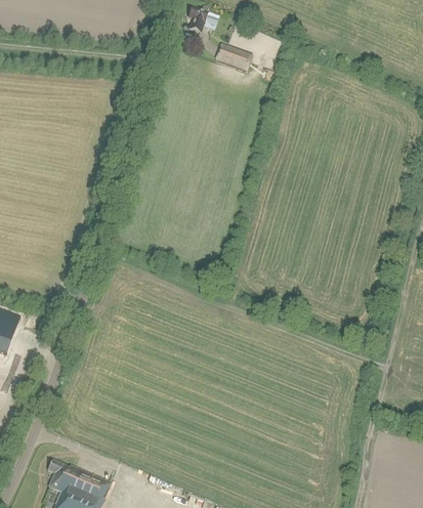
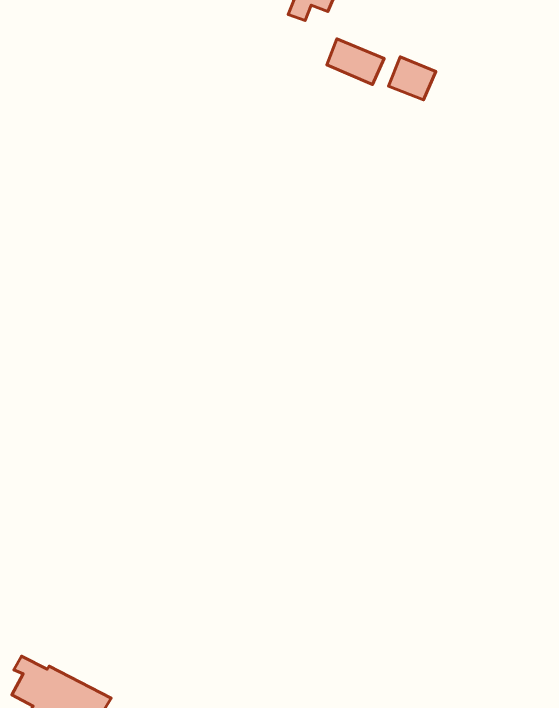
building: none -> [389,57,436,100]

